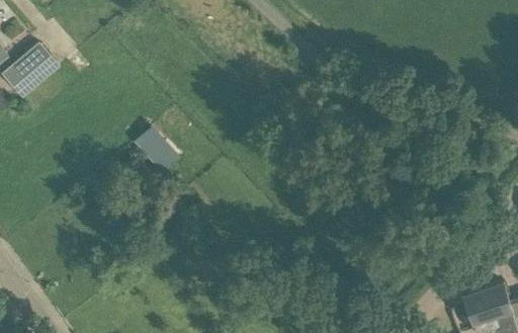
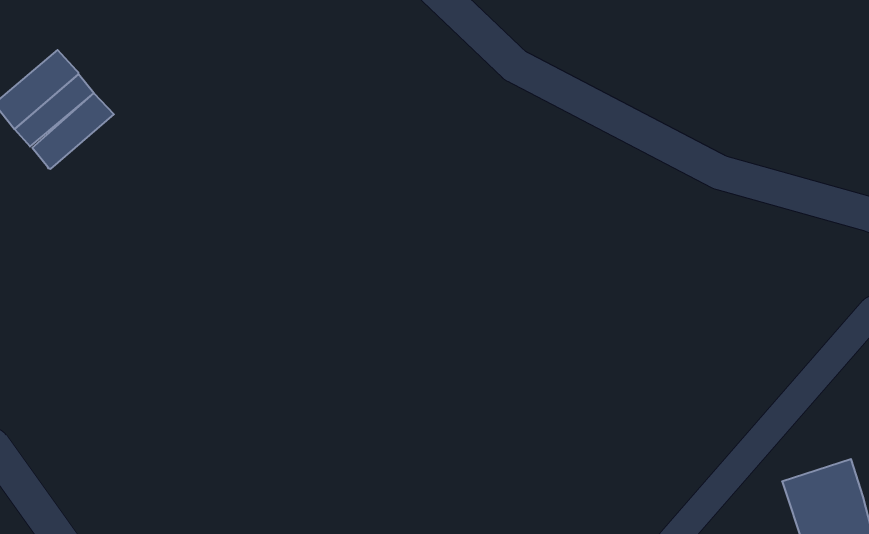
building: none -> [32,93,114,169]
building: [131,124,176,171] -> none

